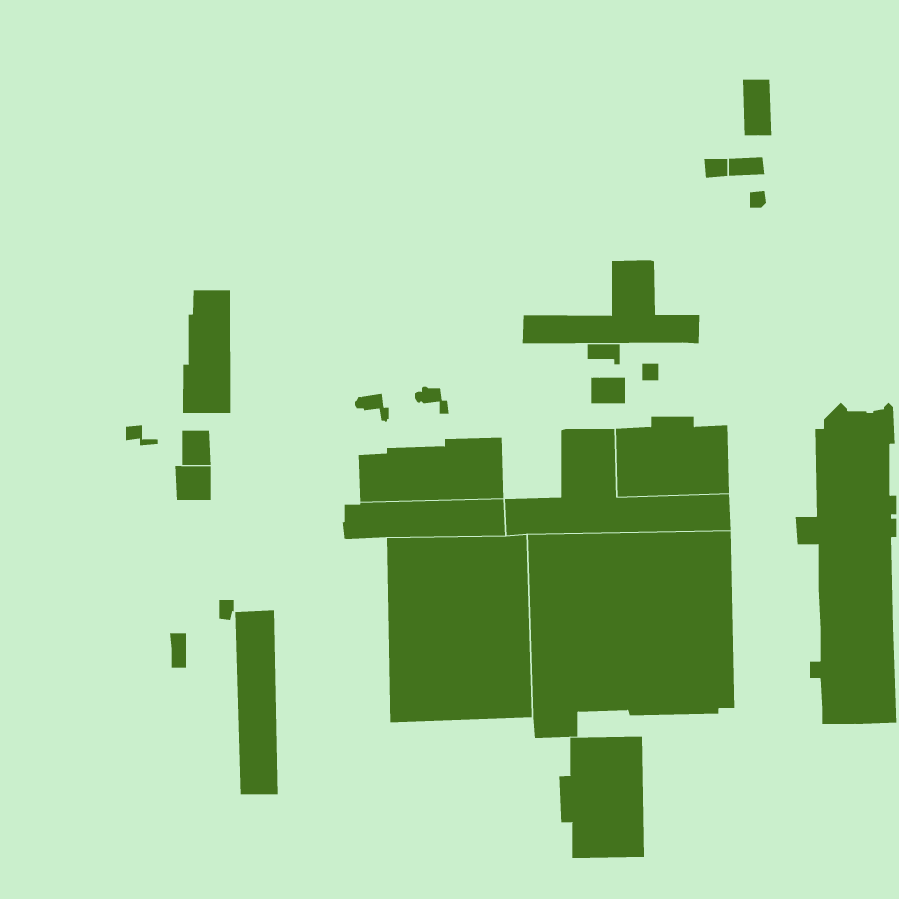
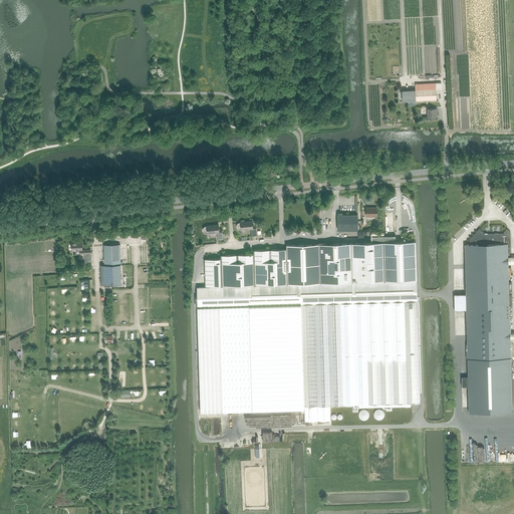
building: [522,259,700,344] -> none
building: [183,290,231,414] -> none
building: none -> [285,246,319,285]
building: [234,610,279,795] -> [197,307,222,413]
building: [559,736,644,859] -> none

